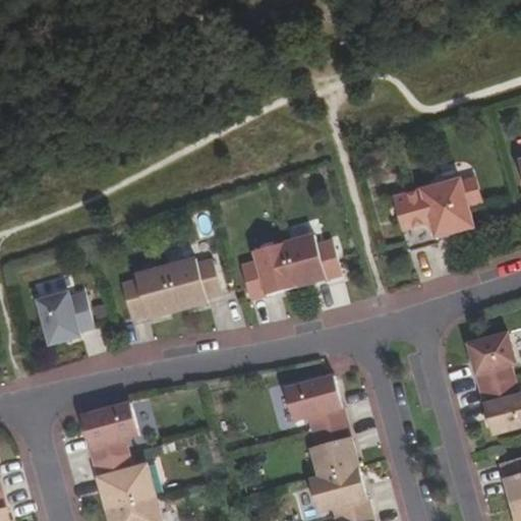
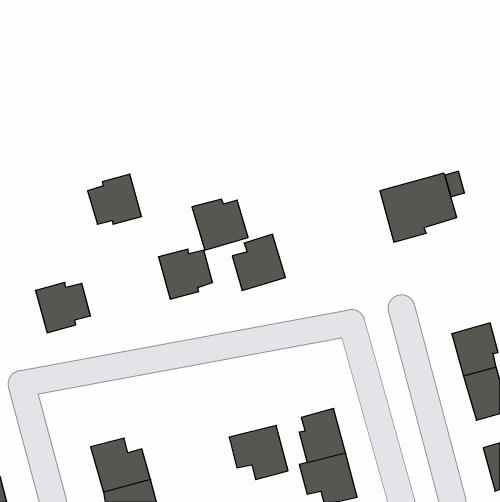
building: [282,234,340,287] -> [192,199,248,250]
building: [120,266,176,317] -> [88,174,142,224]
building: [284,375,345,431] -> [229,425,288,480]
building: [79,402,138,462] -> none

